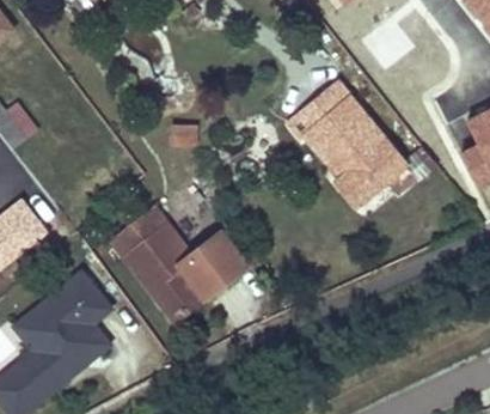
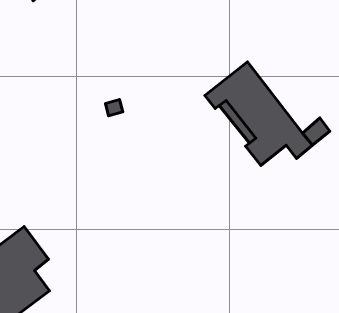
building: [112,209,245,319] -> none

